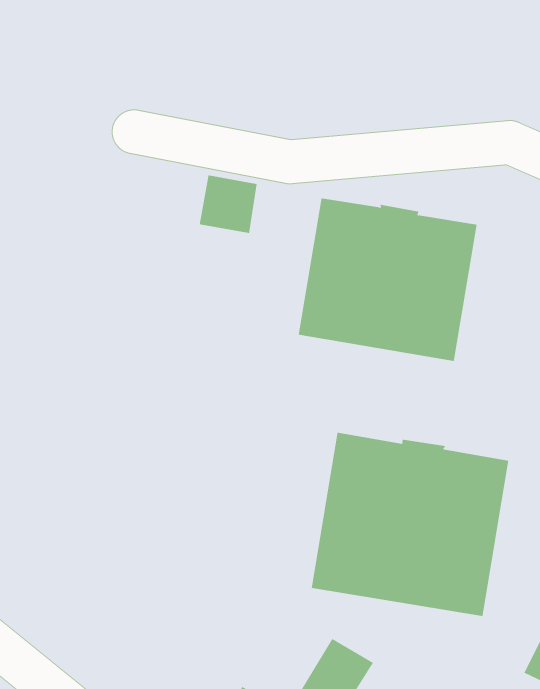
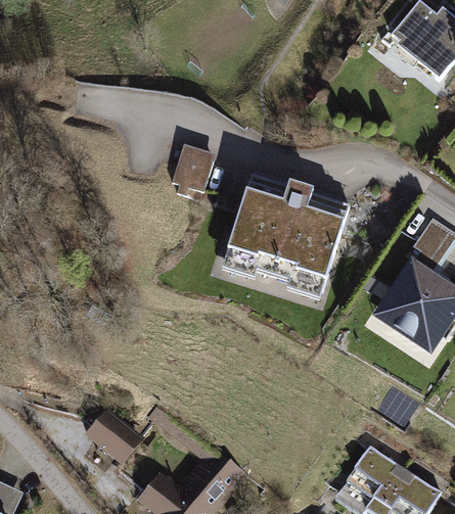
building: [311,432,509,617] -> none
building: none -> [87,413,138,462]

